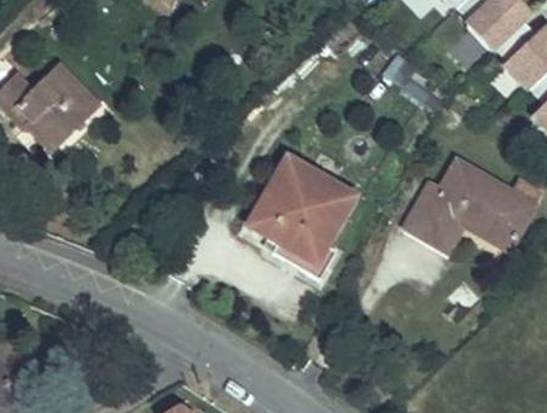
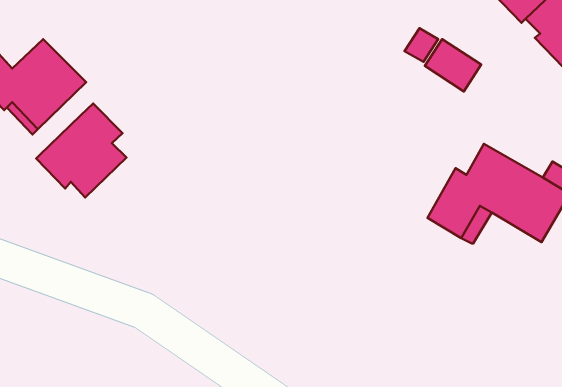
building: none -> [36,103,126,197]
building: [250,158,355,278] -> none

